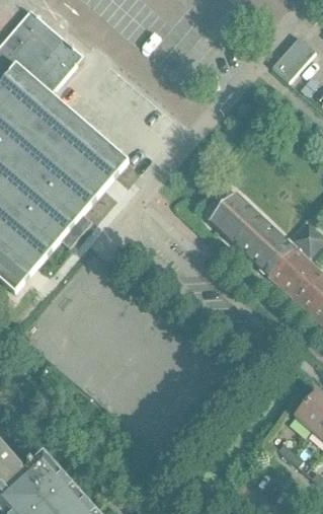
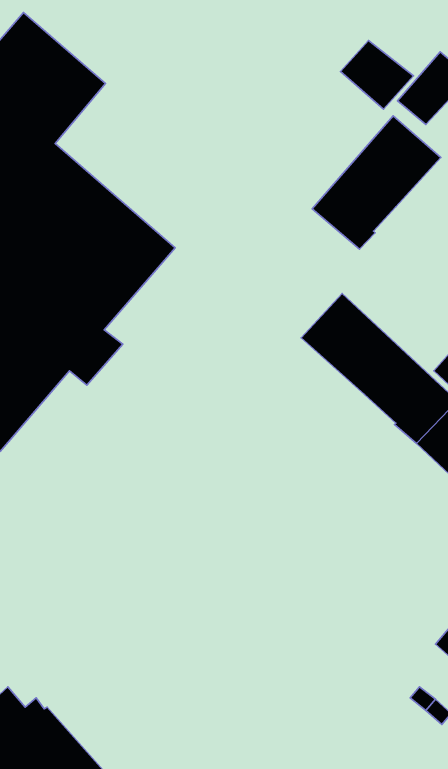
building: none -> [340,40,413,109]
building: none -> [312,116,441,249]

